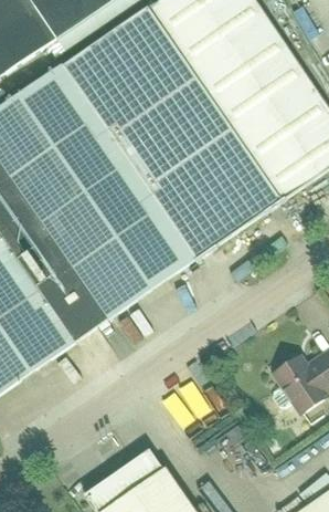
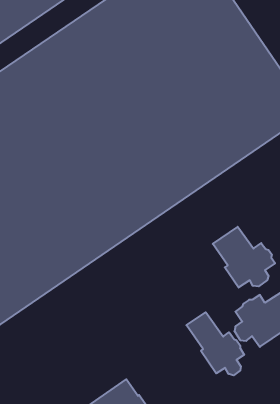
building: none -> [213,227,275,288]
building: none -> [186,312,244,375]

